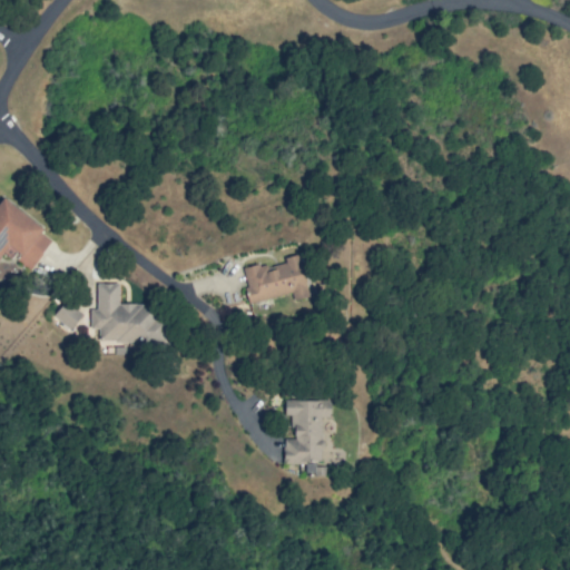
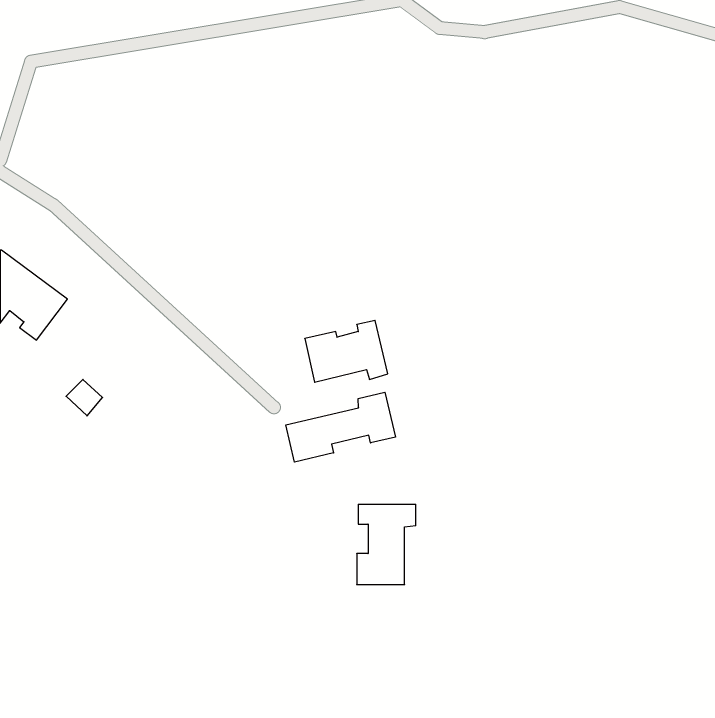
building: [90,283,170,346] -> none
building: none -> [286,392,395,462]

